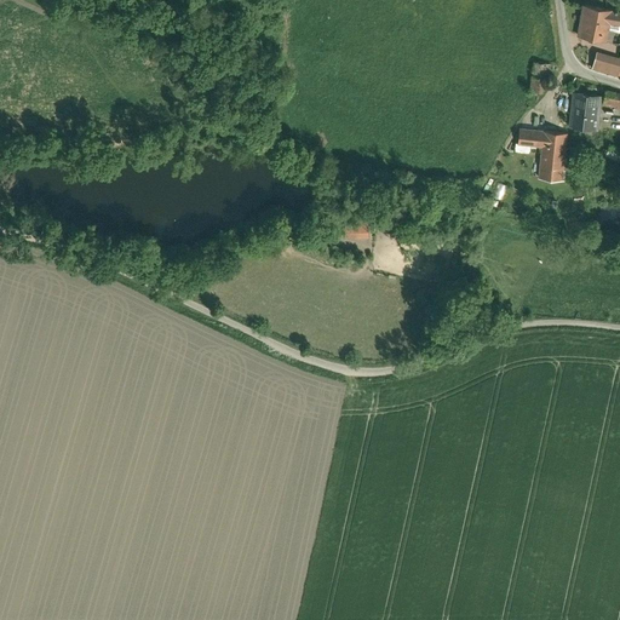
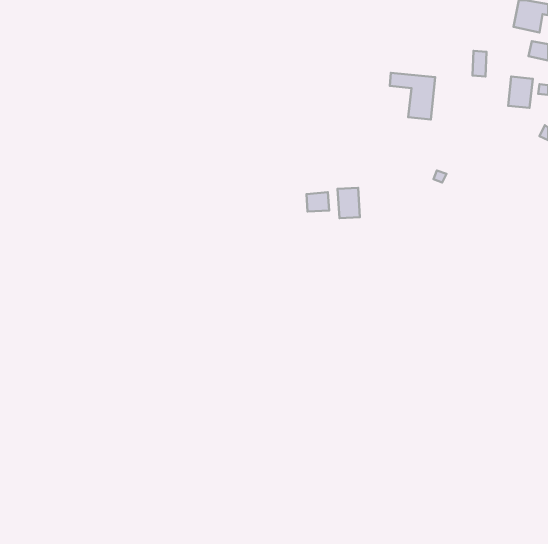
building: [518,130,569,182] -> [390,73,435,119]
building: none -> [338,188,360,218]

